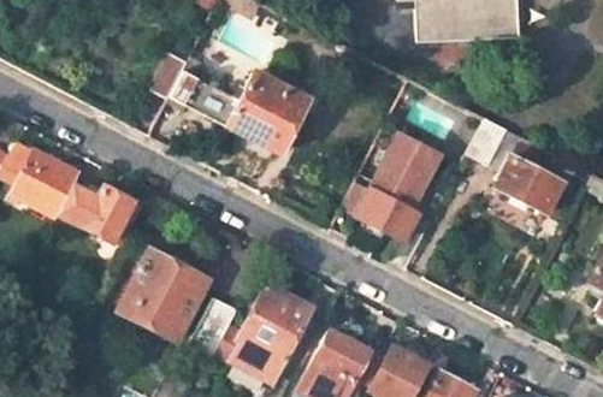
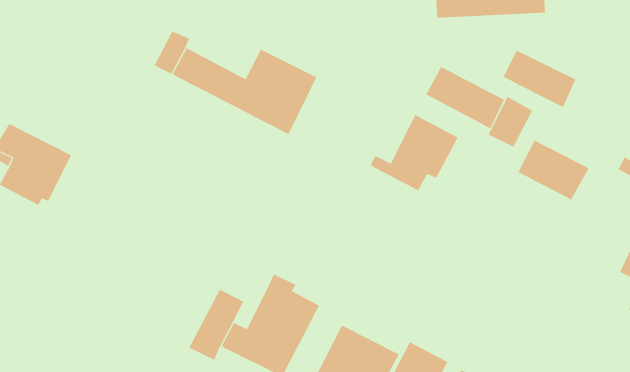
building: none -> [503,50,576,108]
building: [341,180,415,239] -> [425,66,505,129]
building: [58,185,141,242] -> none
building: [118,249,208,339] -> none

